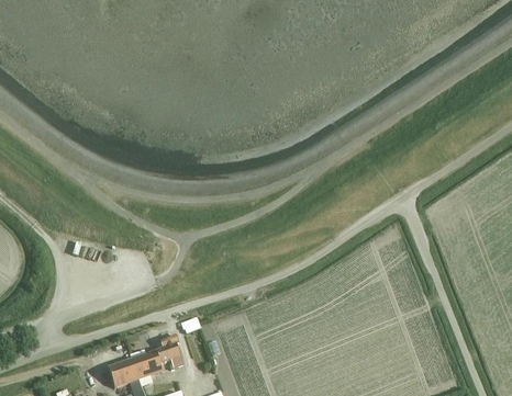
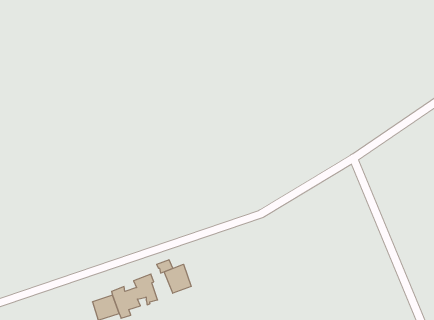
building: none -> [164,264,191,293]

